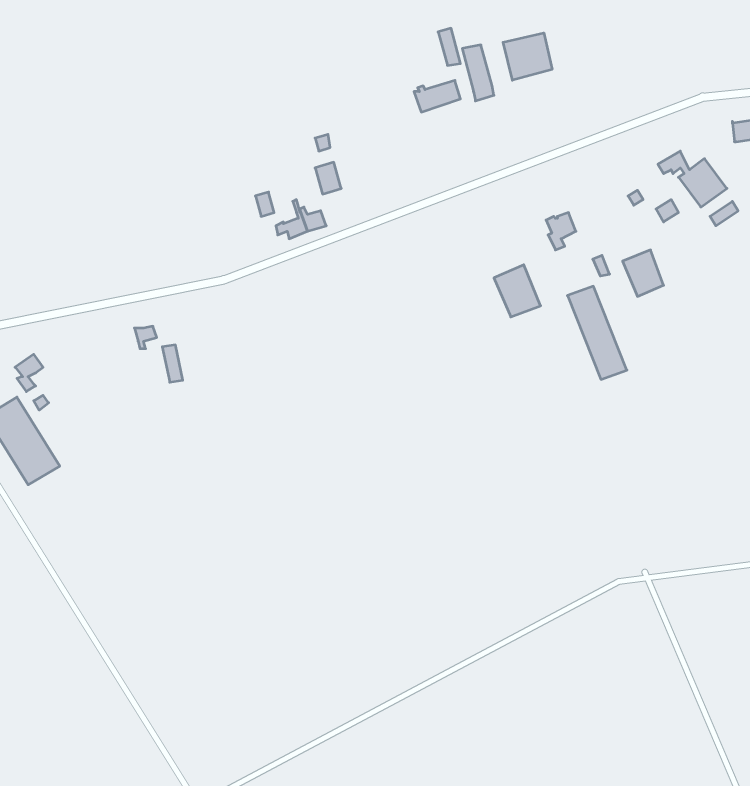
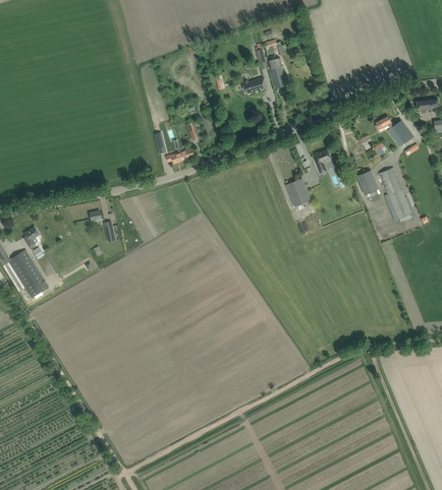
building: [503,33,552,80] -> none
building: [567,286,627,379] -> [379,168,411,219]

